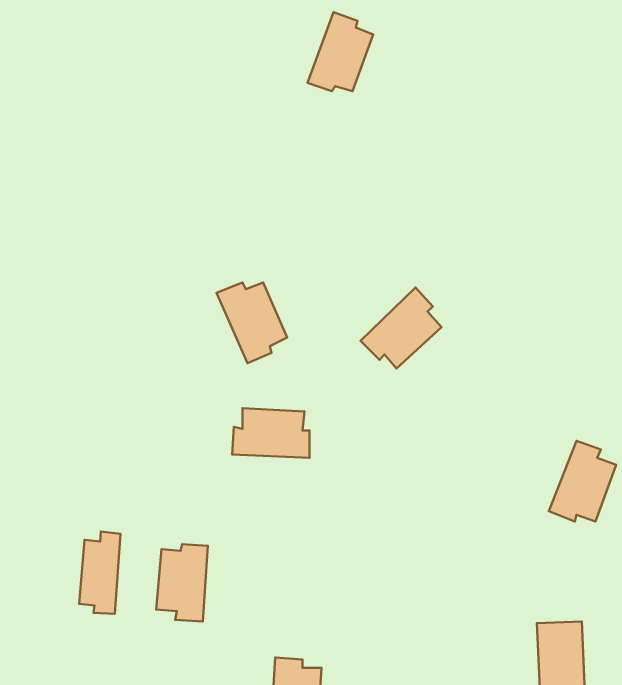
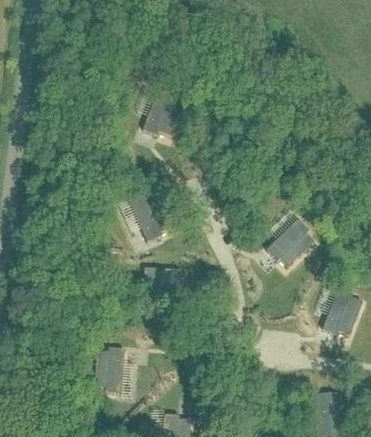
building: [308,12,373,91] -> [142,87,180,134]
building: [360,287,441,368] -> [266,218,313,265]
building: [79,532,120,614] -> none

